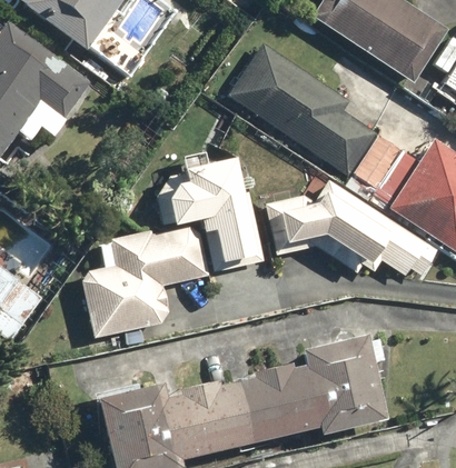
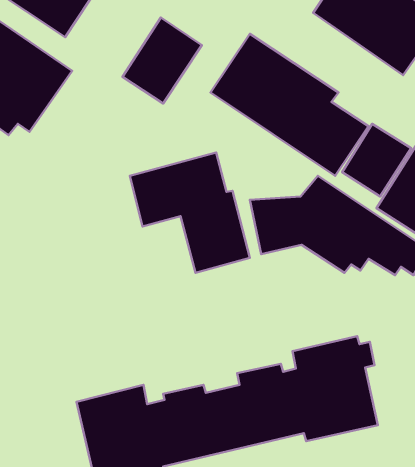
building: none -> [122,18,202,103]
building: [80,226,208,339] -> none

